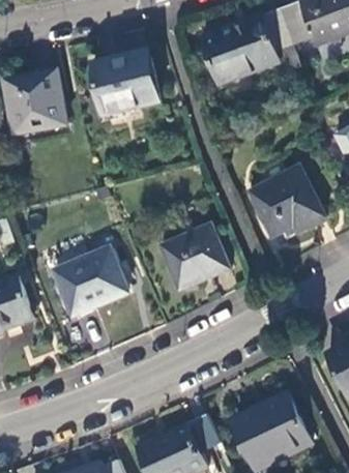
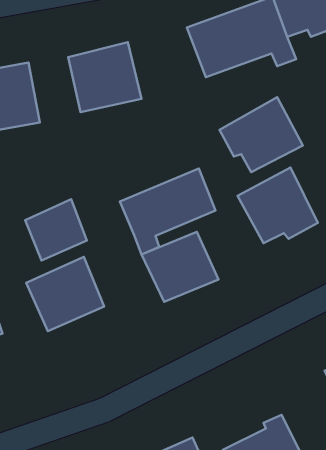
building: none -> [220,97,303,172]
building: none -> [120,169,216,255]
building: none -> [25,199,87,260]

